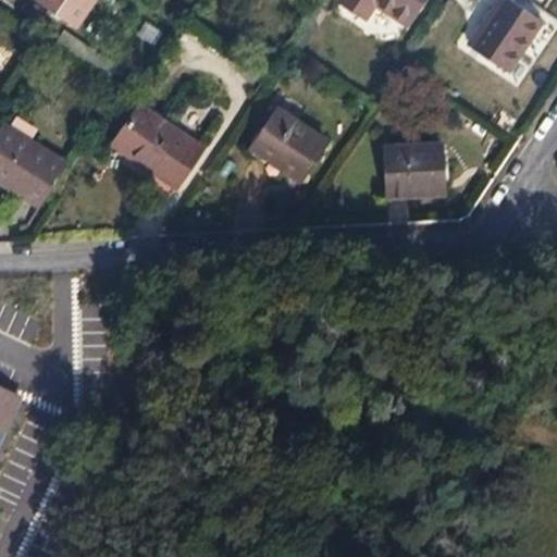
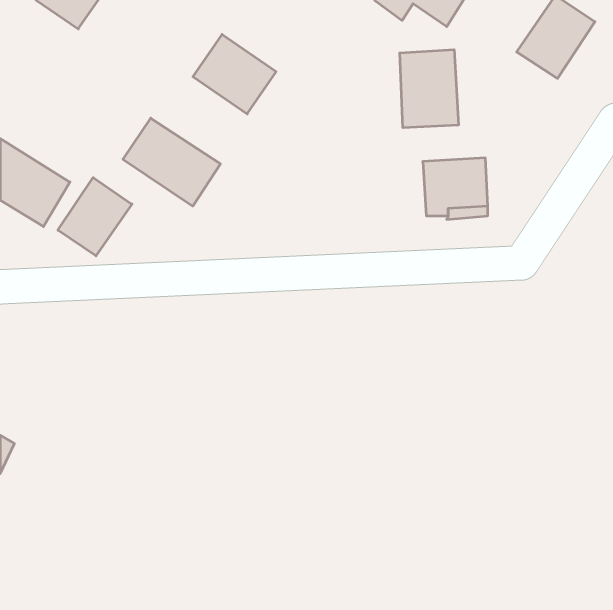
building: none -> [400,50,458,128]
building: [250,110,325,182] -> [193,34,276,114]
building: none -> [58,178,132,256]

